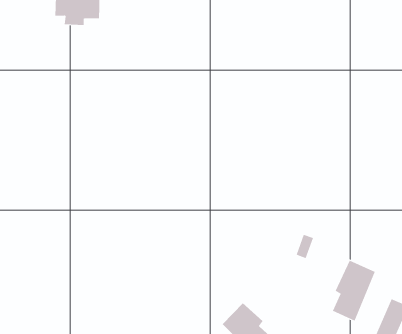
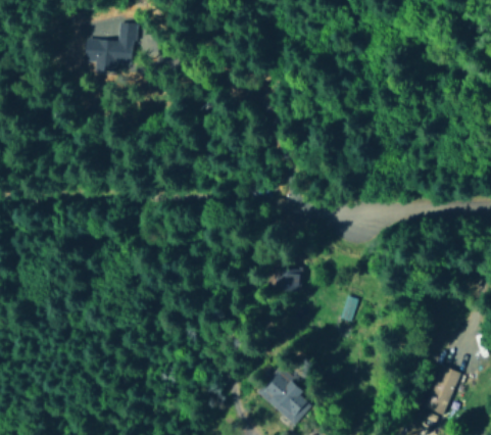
building: none -> [276,265,302,290]
building: [332,260,376,321] -> none

